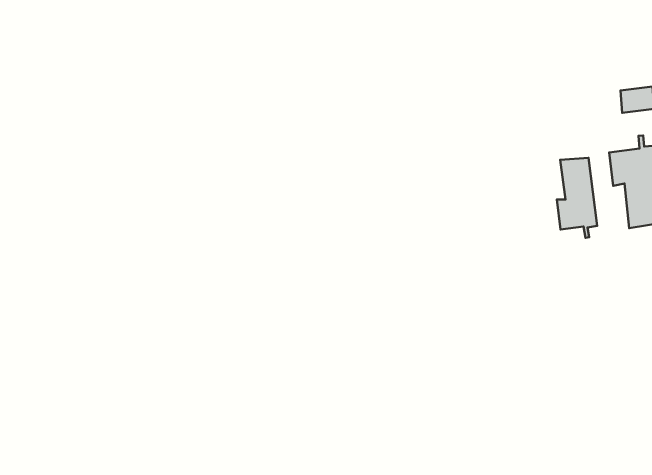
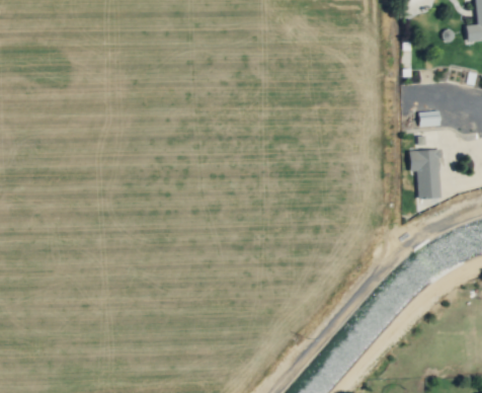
building: [557,158,597,238] -> none

